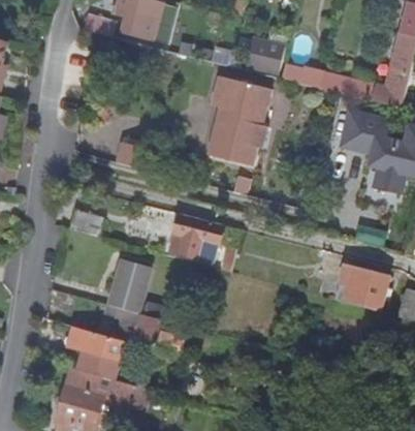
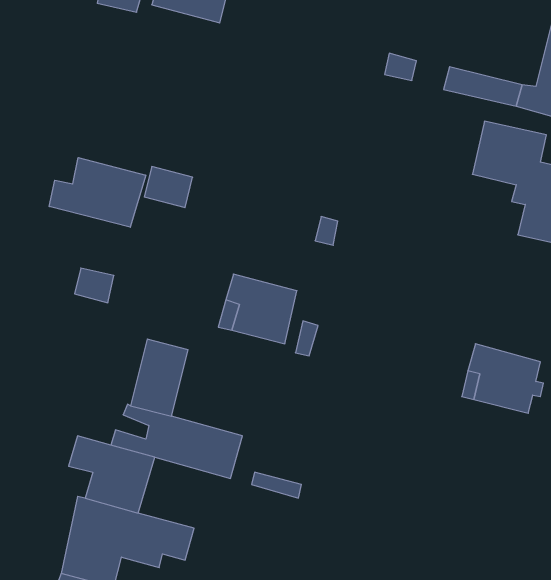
building: [246,37,284,73] -> none
building: [206,74,272,165] -> none
building: none -> [49,158,146,227]

